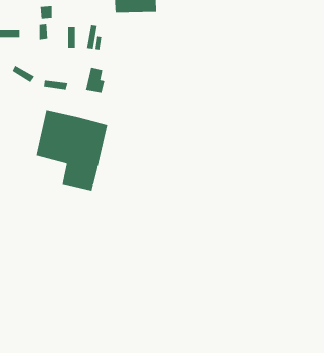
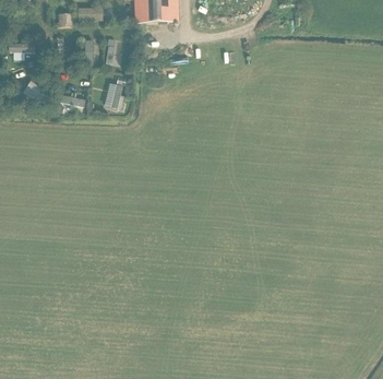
building: [36,109,108,192] -> none

